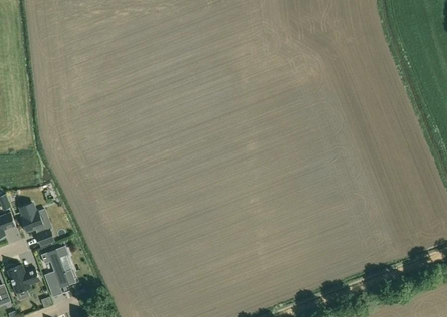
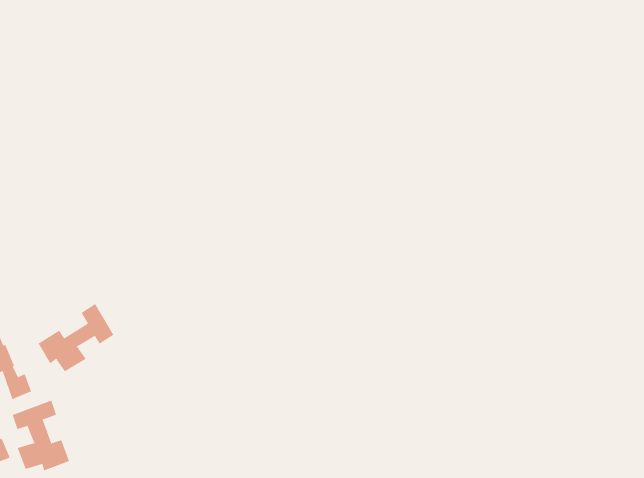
building: none -> [38,303,114,372]

